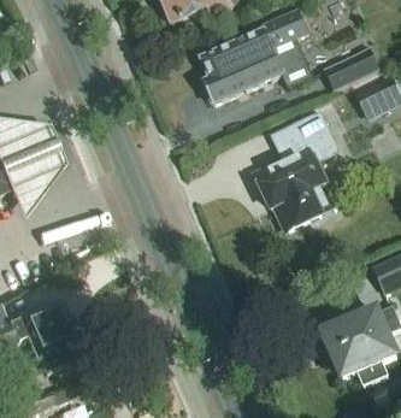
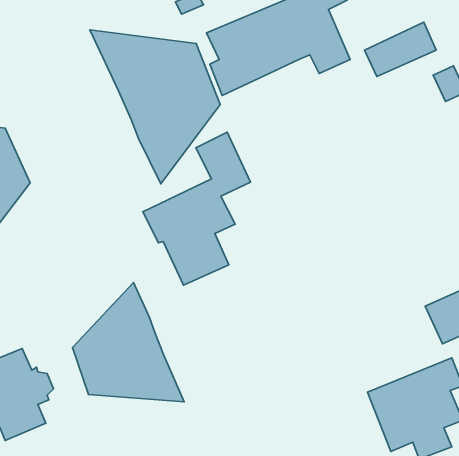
building: none -> [90,30,220,184]
building: [254,112,337,230] -> [143,132,251,285]
building: none -> [72,283,184,402]

